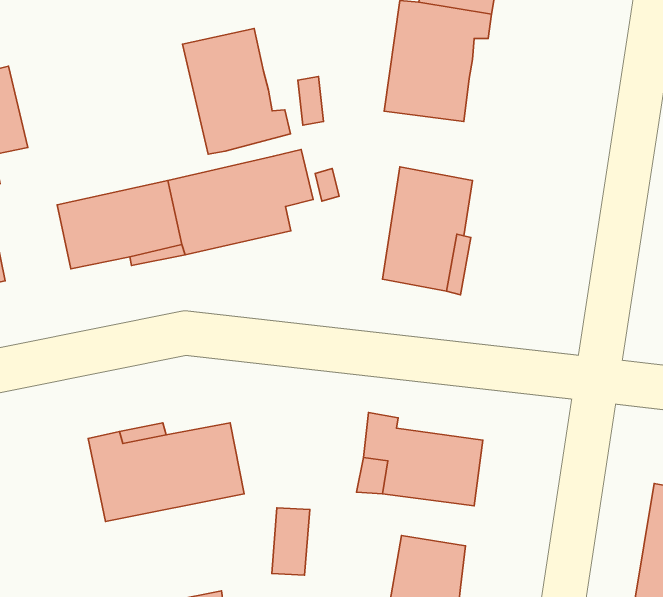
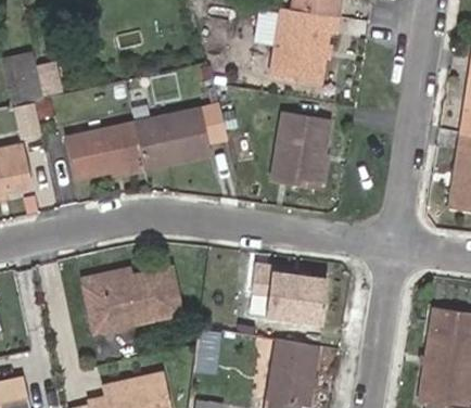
building: [182,28,291,154] -> none

